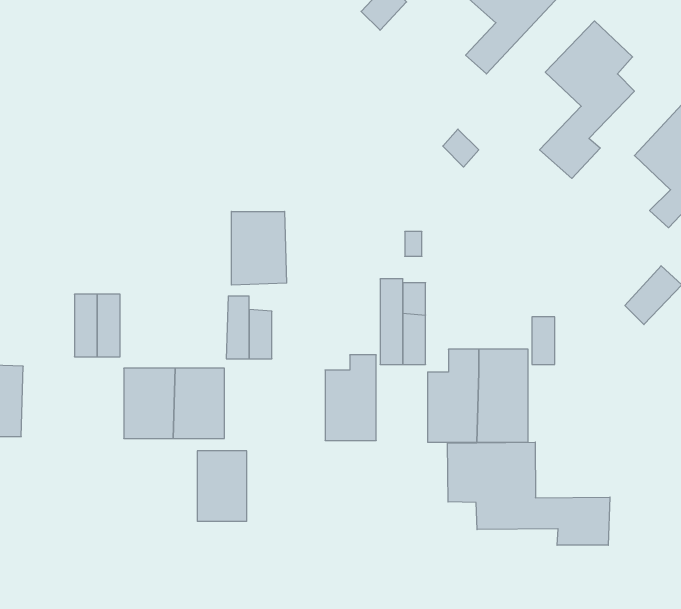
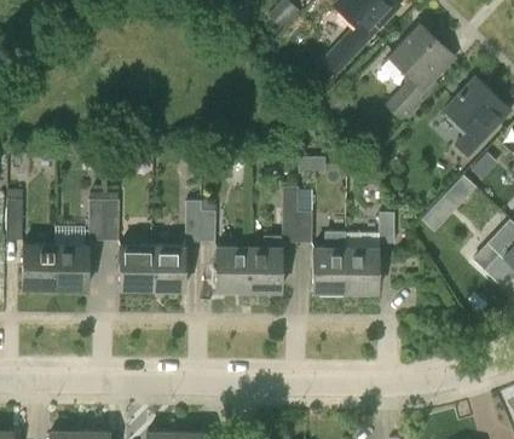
building: [231,211,287,285] -> none
building: none -> [53,244,86,290]
building: [448,442,610,545] -> none
building: [197,451,247,521] -> [215,247,247,291]

